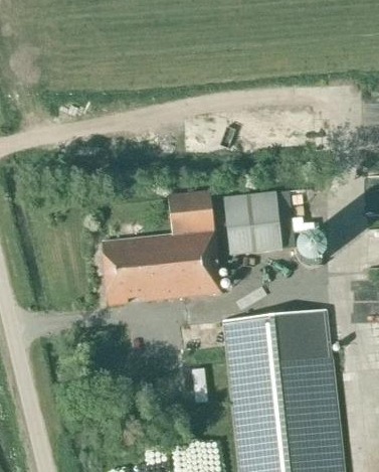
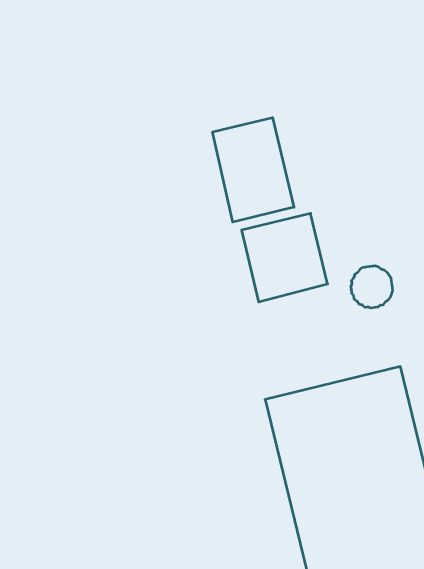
building: none -> [213,118,294,222]
building: [103,191,221,304] -> none

